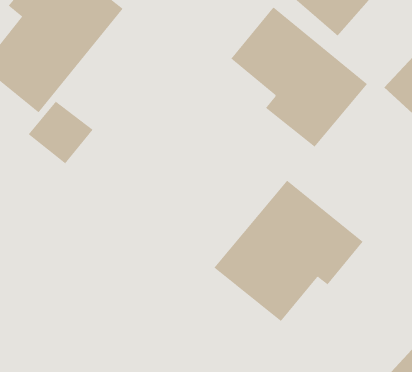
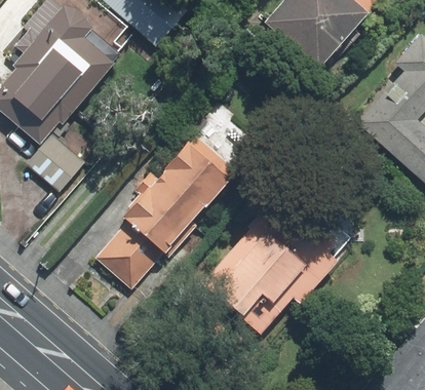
building: [230,6,368,147] -> none
building: none -> [98,133,235,288]

